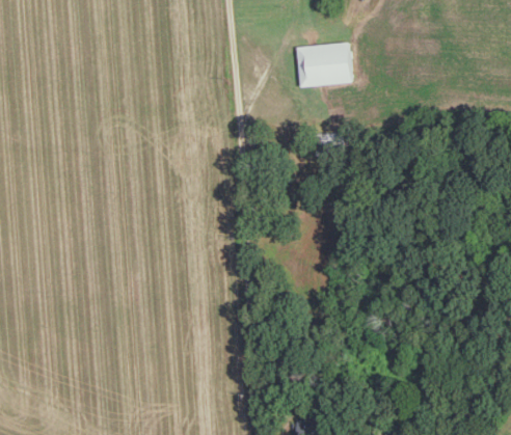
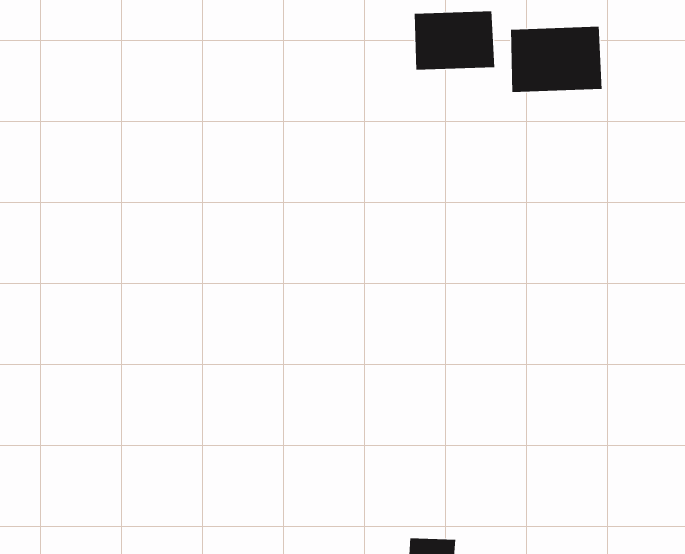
building: none -> [511,26,602,93]

